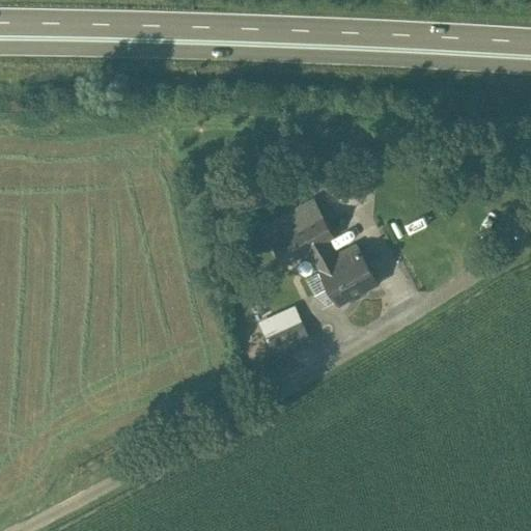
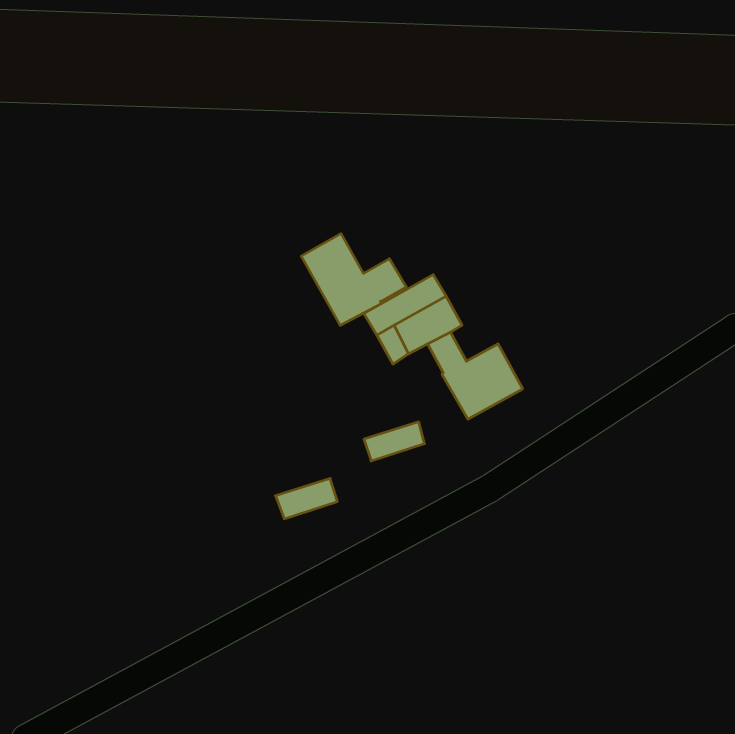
building: none -> [301,234,406,325]
building: [267,324,311,353] -> [275,478,337,519]

